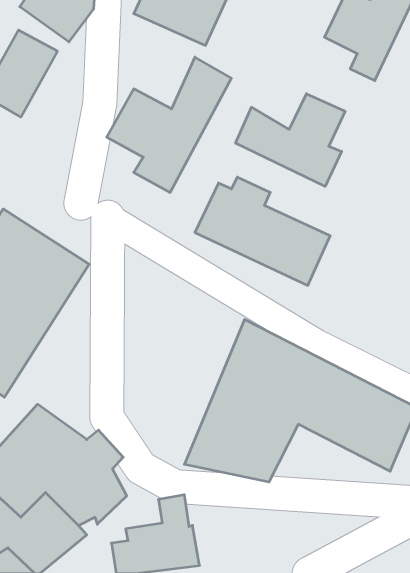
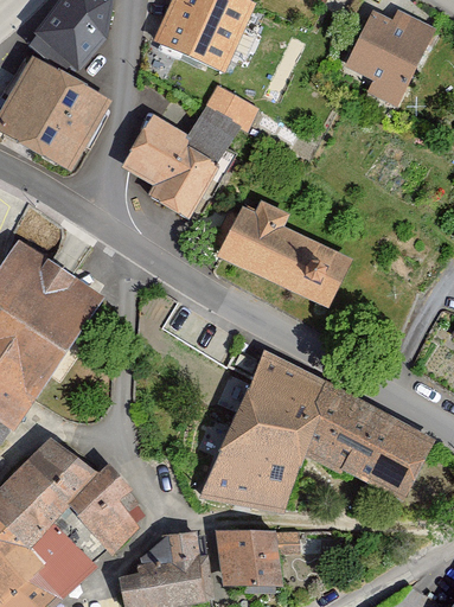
building: none -> [37,79,113,168]
building: [236,94,345,186] -> none
building: none -> [226,525,292,584]

